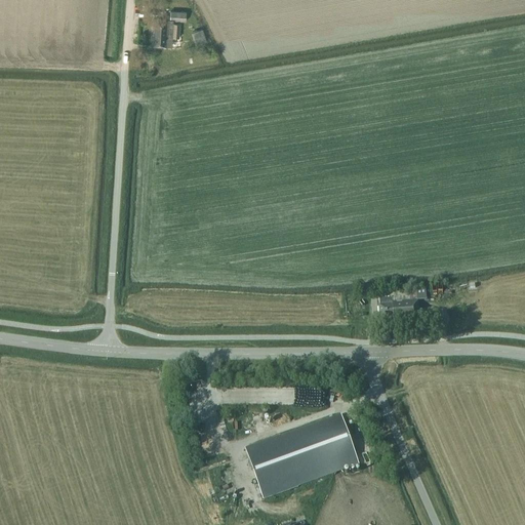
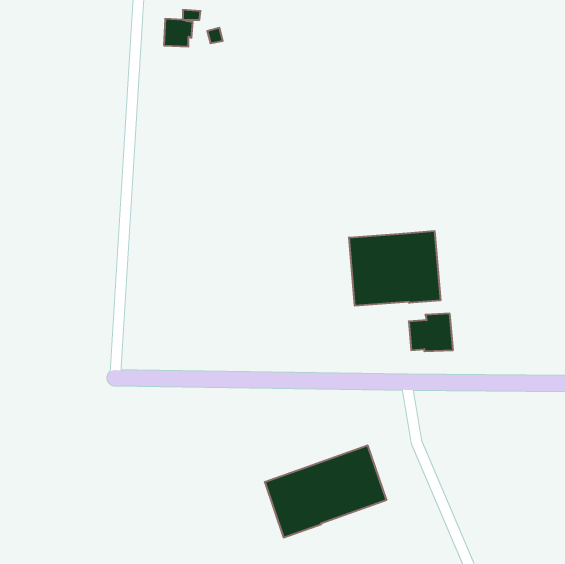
building: none -> [349,231,440,306]

